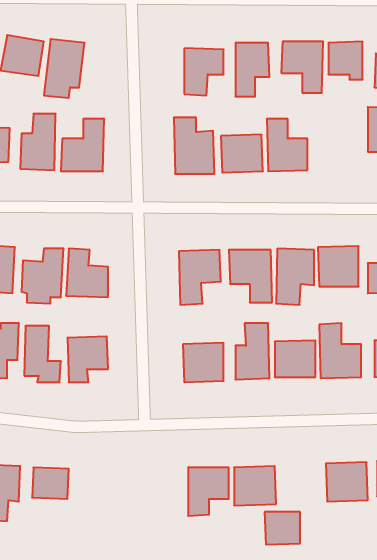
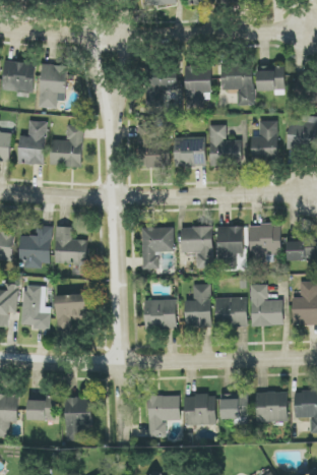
building: none -> [251,120,277,159]
building: none -> [65,398,91,441]
building: [265,512,300,545] -> [220,394,248,419]

